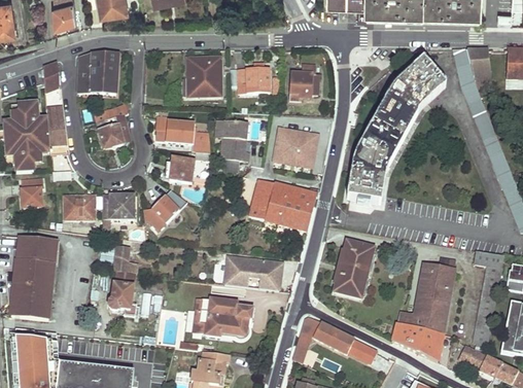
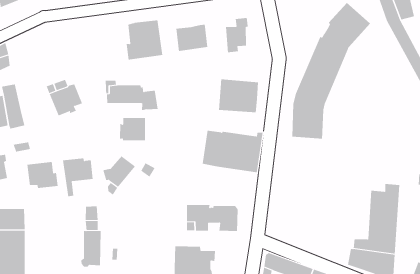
building: [77,51,119,94] -> none
building: [221,119,251,161] -> none
building: [335,241,374,297] -> none

